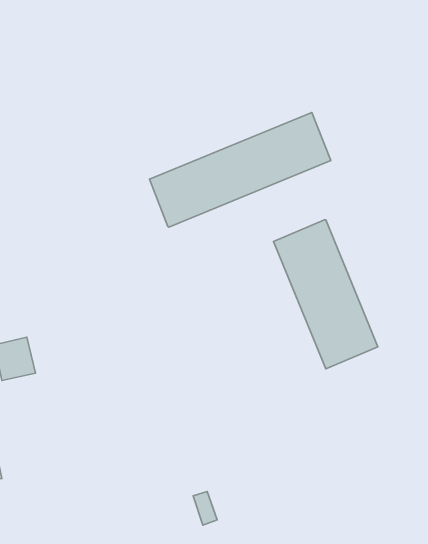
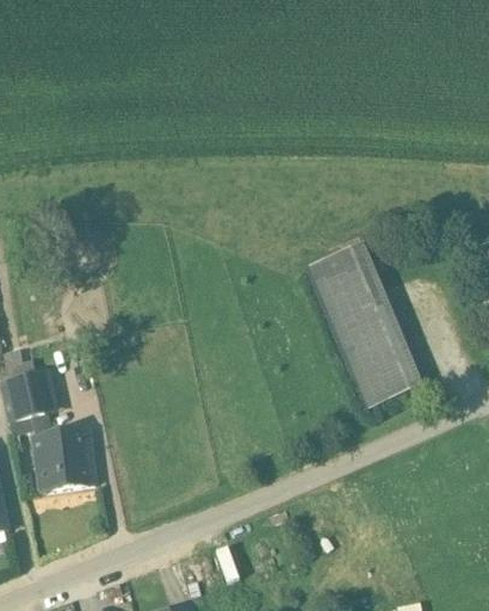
building: [150,113,331,227] -> none
building: none -> [32,427,94,489]

